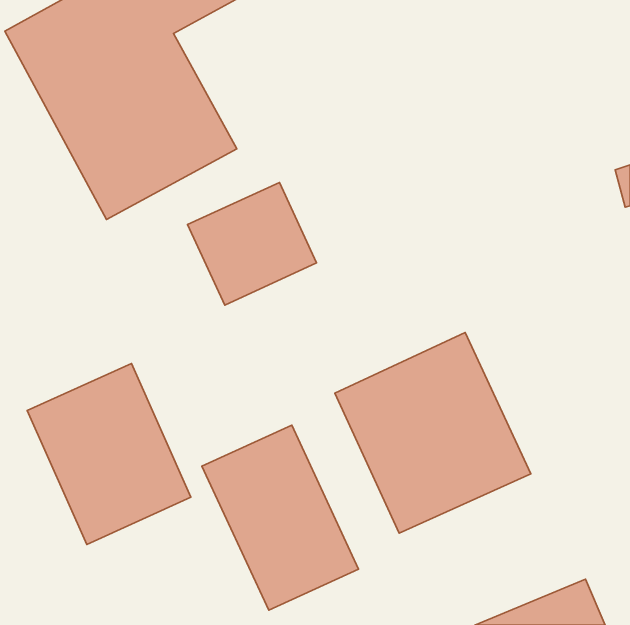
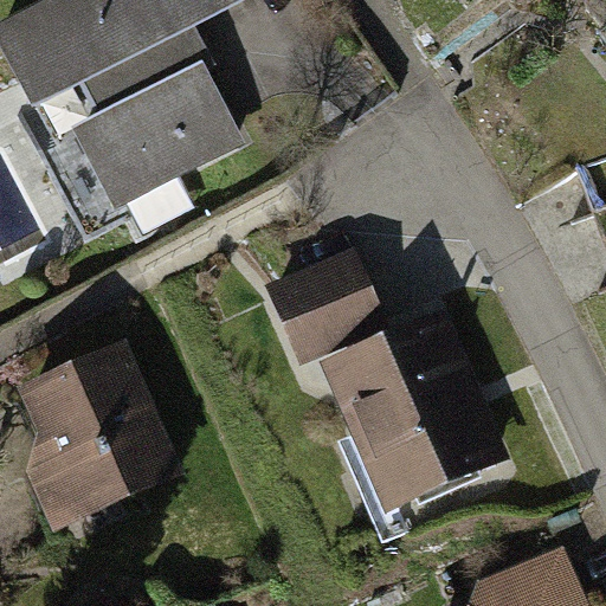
building: [188,182,317,305] -> [263,250,386,367]
building: [202,425,359,610] -> none

